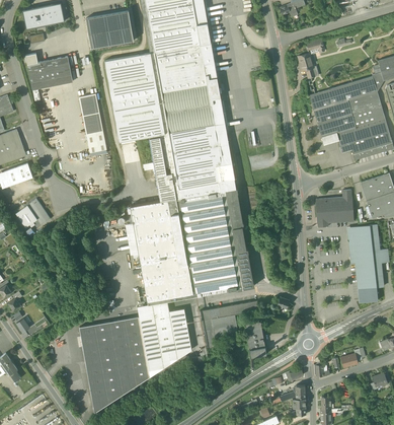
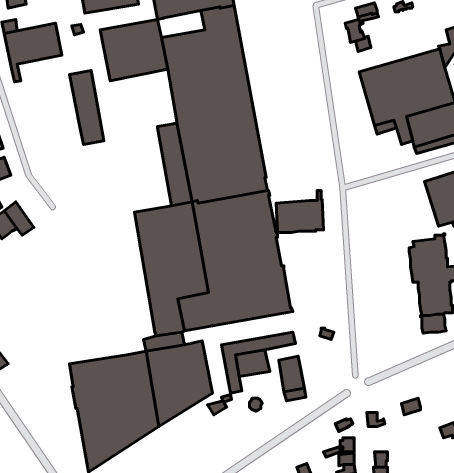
building: [149,46,186,67] -> none
building: [111,92,164,142] -> none
building: [316,189,353,222] -> [276,190,324,233]

